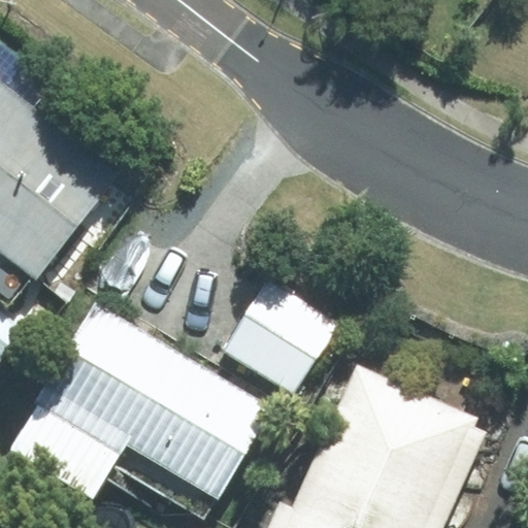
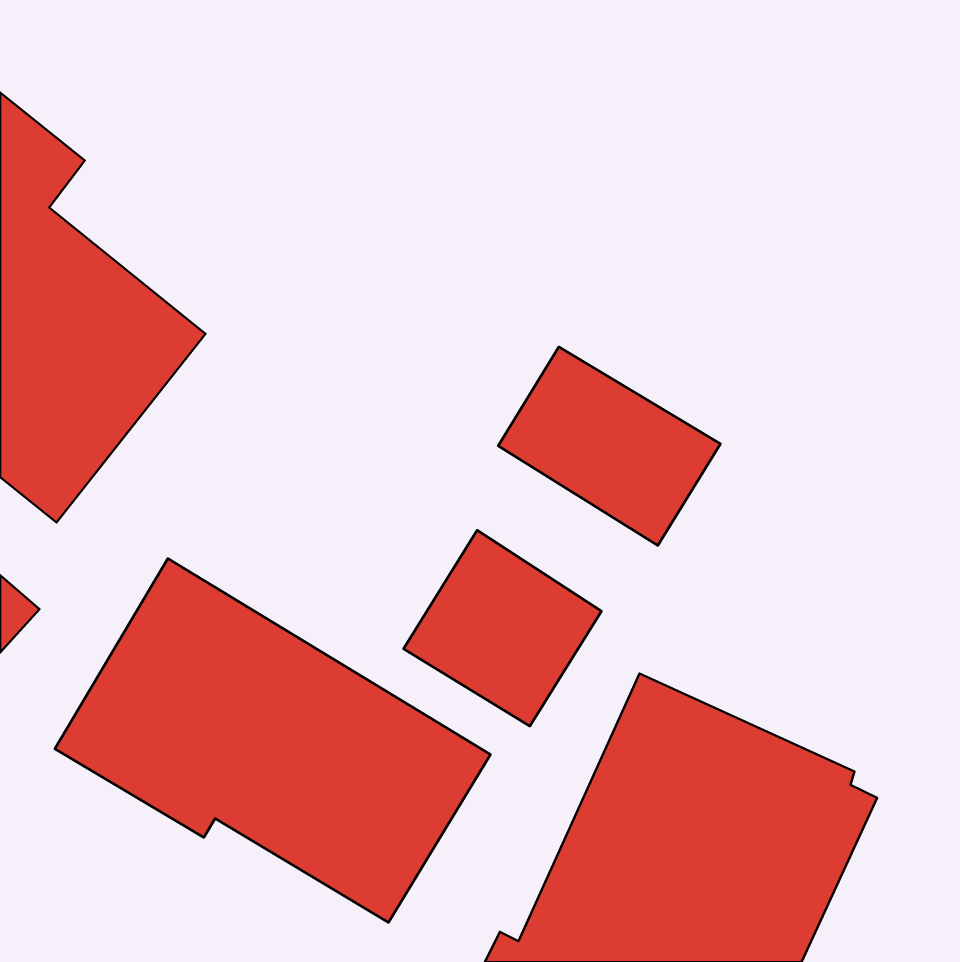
building: none -> [498,347,721,545]

